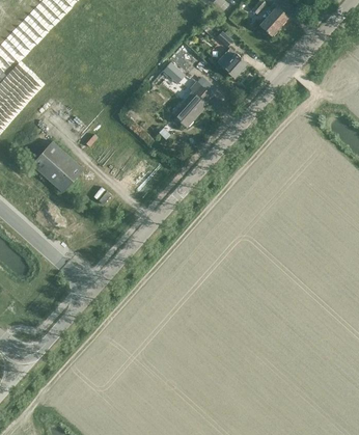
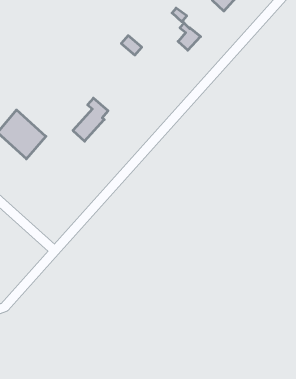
building: [174,81,212,127] -> [73,98,108,141]

